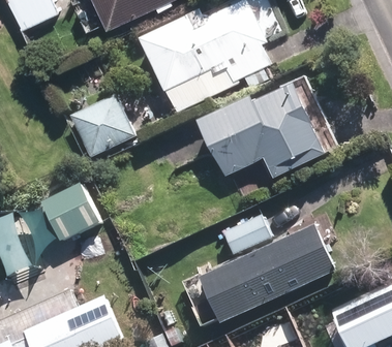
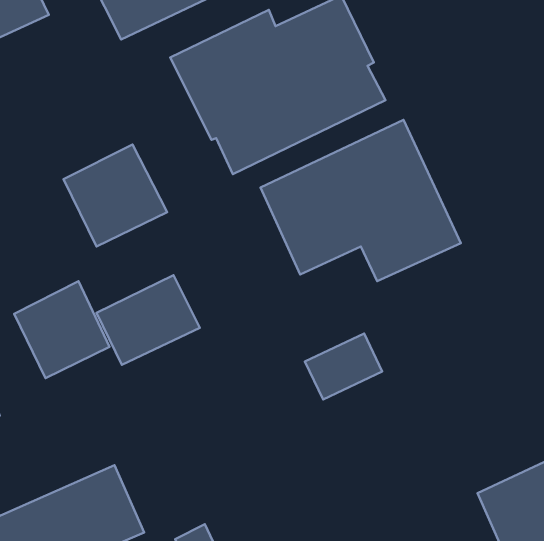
building: none -> [96,275,200,365]
building: [198,223,334,322] -> none

